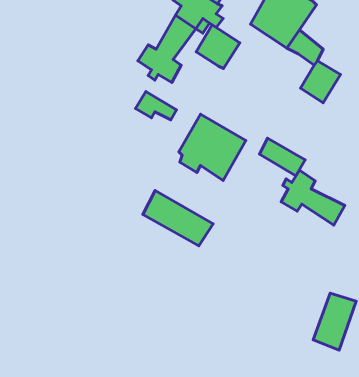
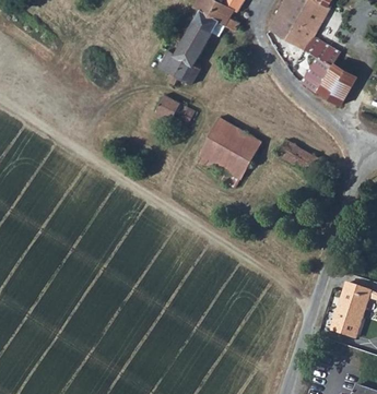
building: [196,25,240,69] -> none
building: none -> [299,56,329,88]
building: [281,170,345,225] -> none
building: [143,191,213,246] -> none

